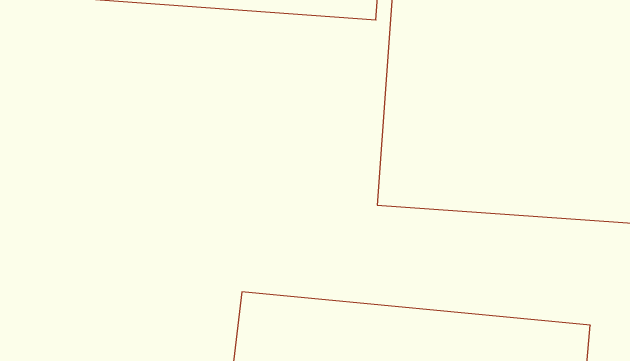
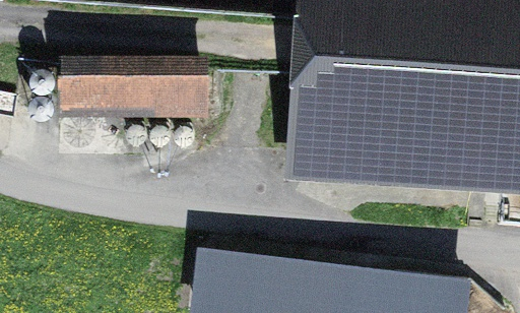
building: none -> [59,57,233,123]

